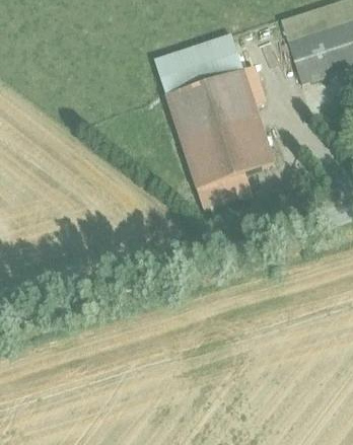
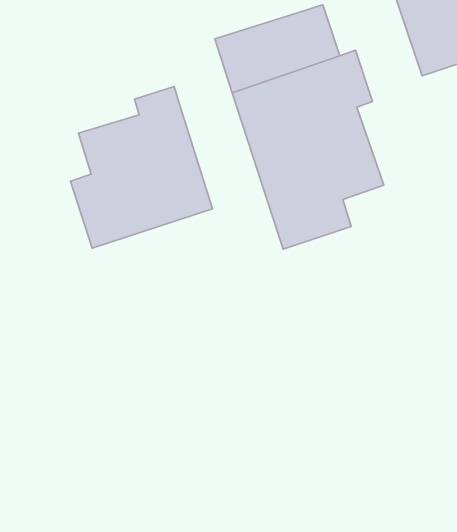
building: none -> [71,87,212,248]

